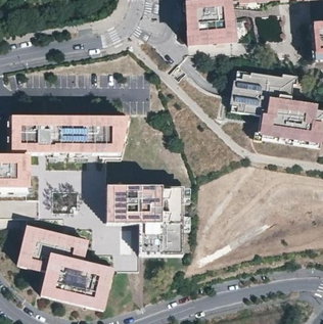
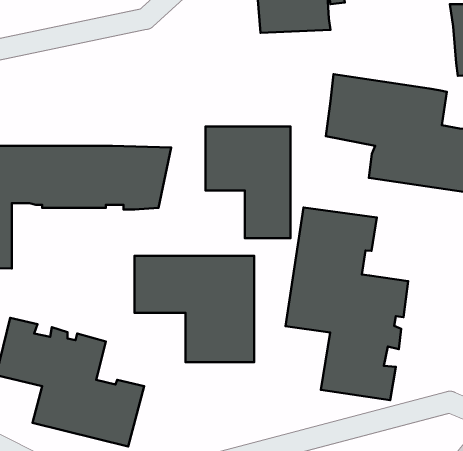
building: none -> [206,127,291,238]
building: none -> [286,207,408,400]

